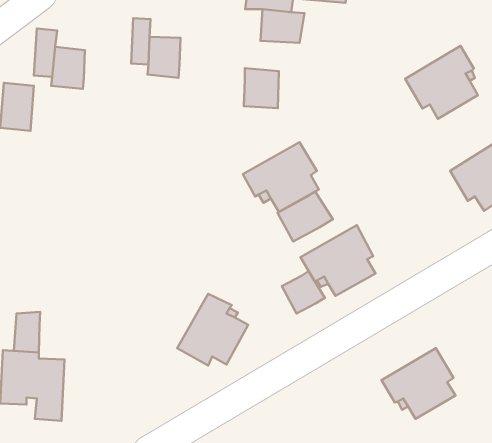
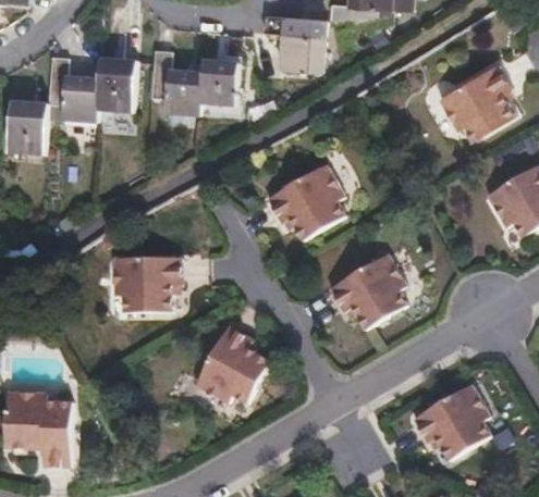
building: none -> [96,51,135,103]
building: [244,68,279,108] -> [197,45,234,87]
building: [278,191,333,242] -> none
building: none -> [111,256,181,311]
building: [282,271,325,314] -> none
building: [14,312,40,352] -> none

